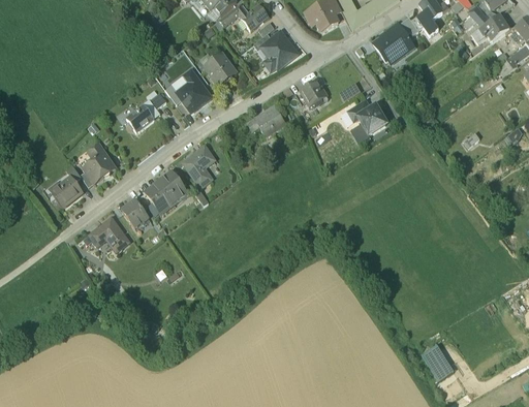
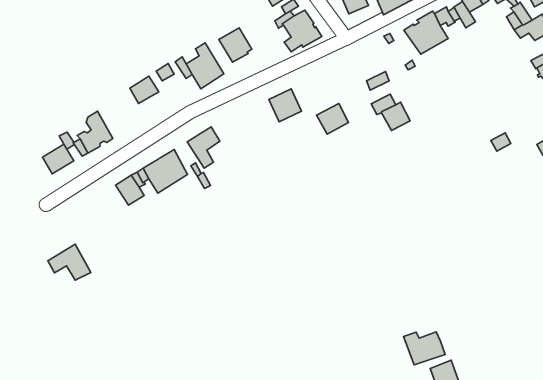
building: [298,80,328,108] -> [316,104,348,134]
building: [88,214,128,247] -> [48,244,91,280]
building: none -> [404,332,445,365]

